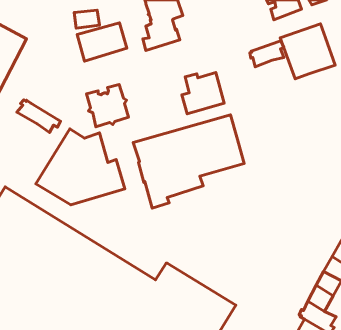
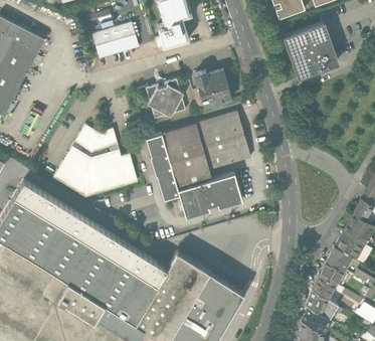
building: [250,41,284,67] -> none
building: [86,84,129,127] -> [145,79,185,120]
building: [17,100,60,133] -> none
building: none -> [177,173,242,217]

